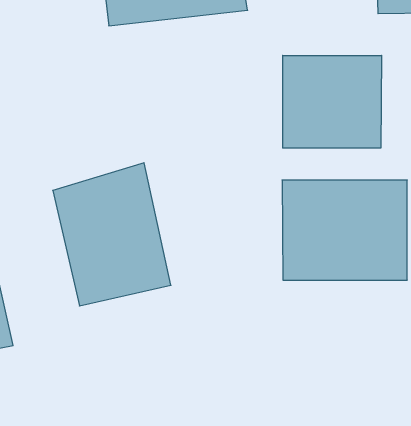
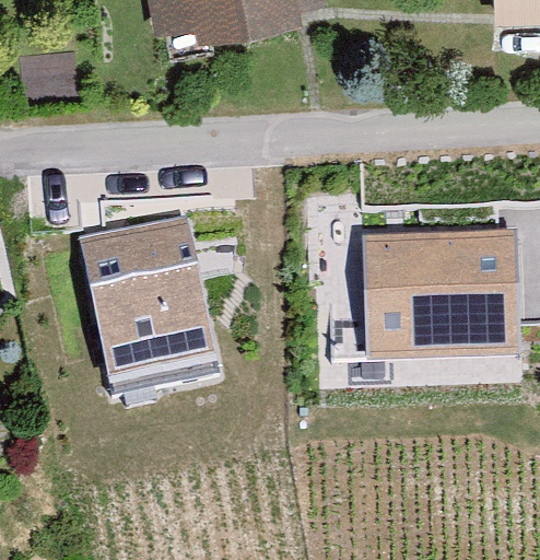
building: [283,55,382,148] -> none

